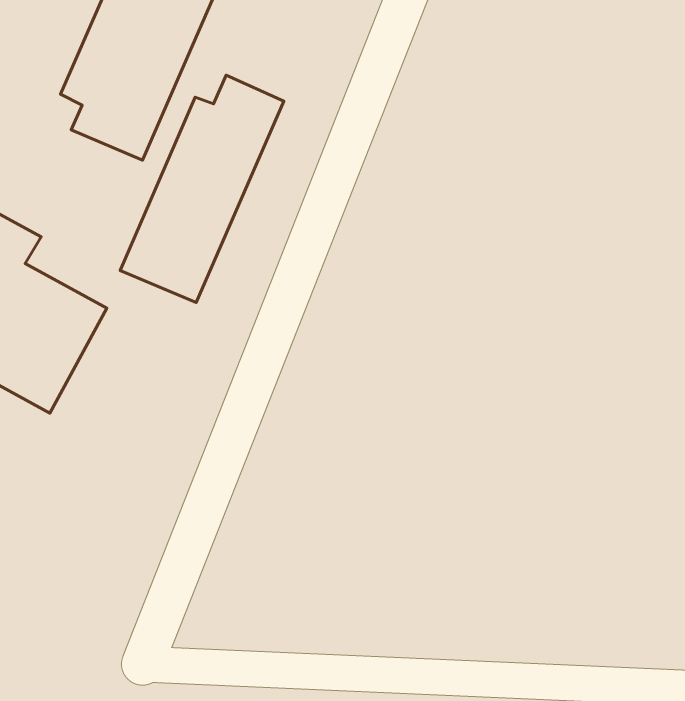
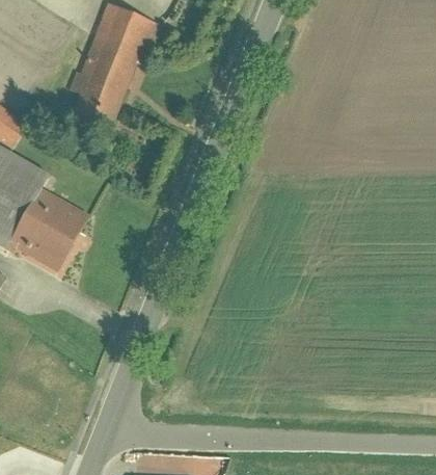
building: [120,75,284,303] -> none

